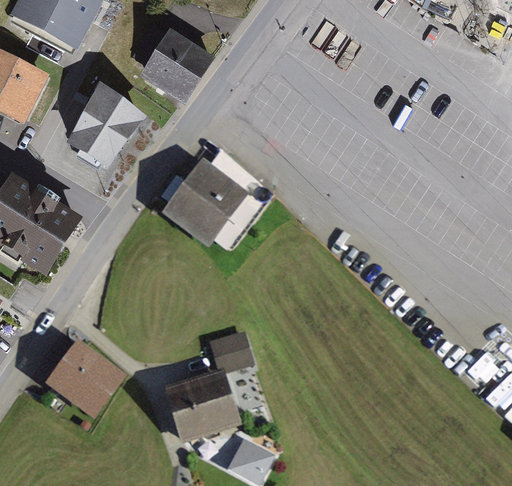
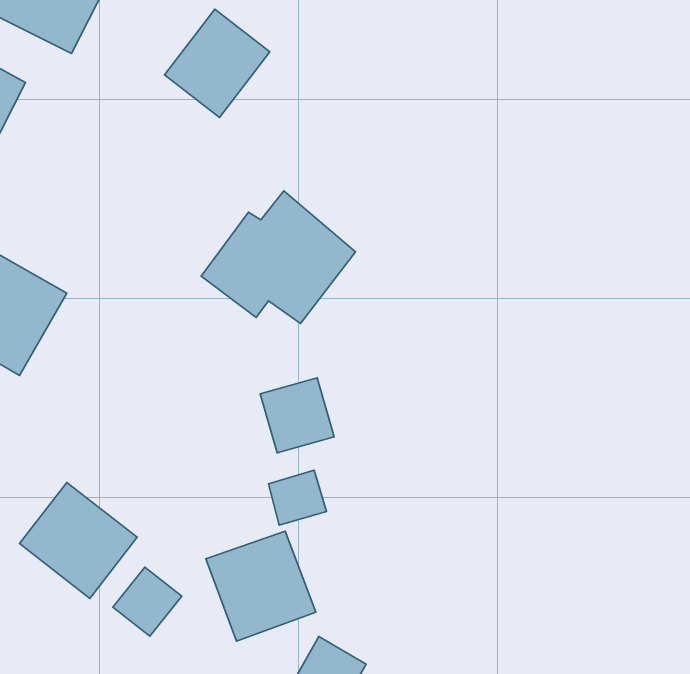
building: [68,92,143,168] -> none
building: none -> [260,378,334,453]
building: none -> [113,567,182,636]

